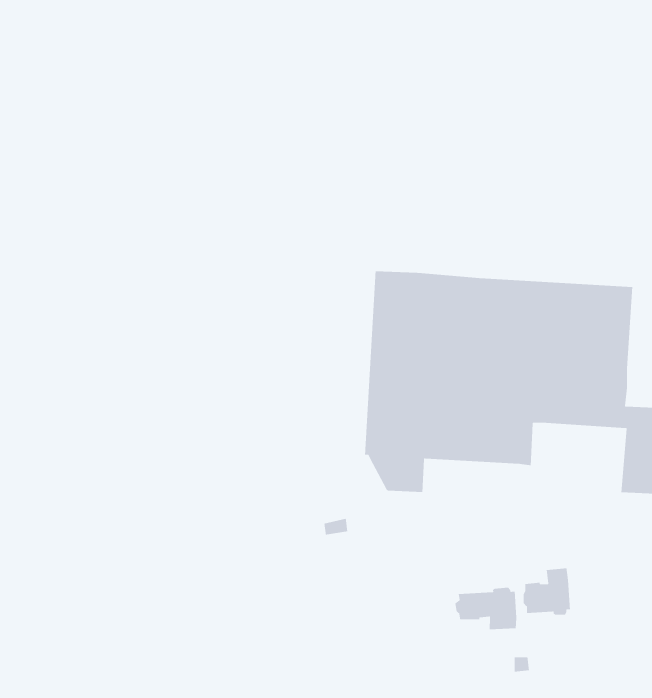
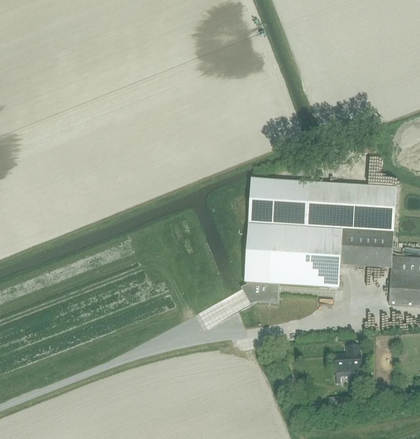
building: [455,587,517,630] -> none

